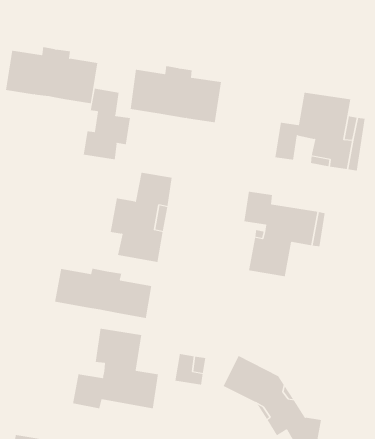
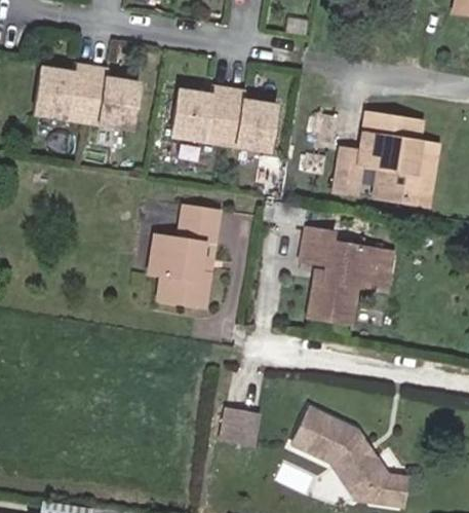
building: [83,88,131,160] -> none
building: [55,268,152,319] -> none
building: [73,328,159,409] -> none

